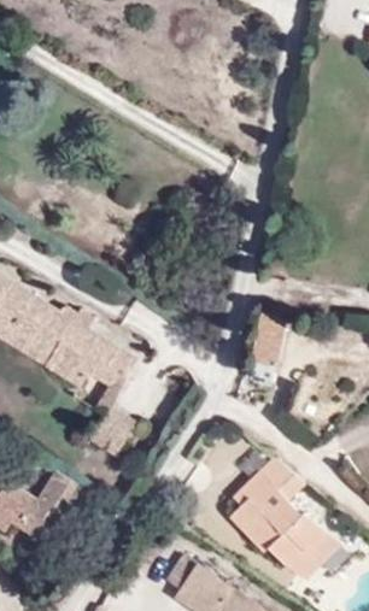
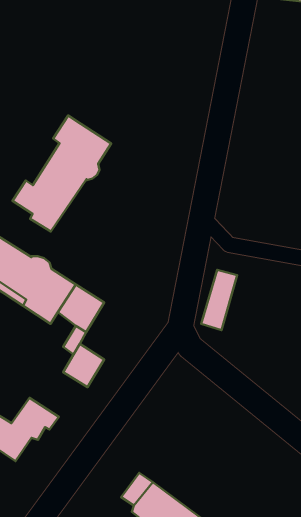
building: none -> [13,115,111,232]
building: [227,459,336,580] -> none

